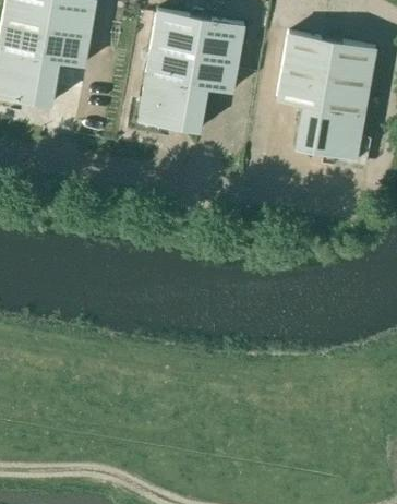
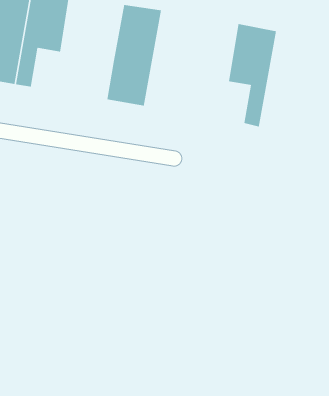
building: [181,16,244,130] -> none
building: [313,40,375,158] -> none

